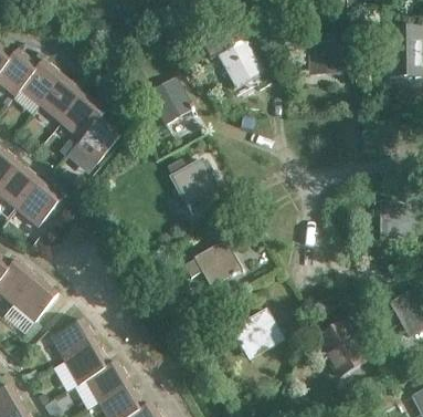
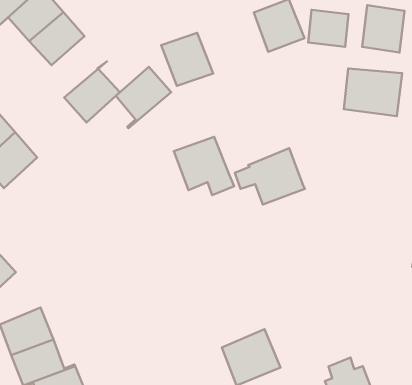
building: none -> [308,10,349,47]
building: none -> [344,68,402,116]
building: [61,95,105,147] -> [116,67,171,128]
building: [186,240,244,289] -> [235,148,305,204]

